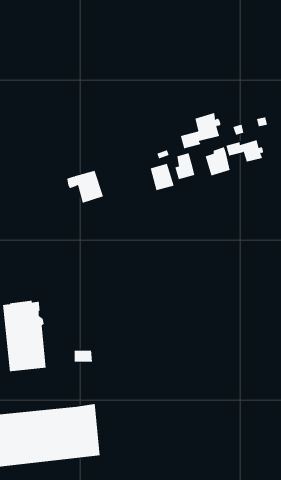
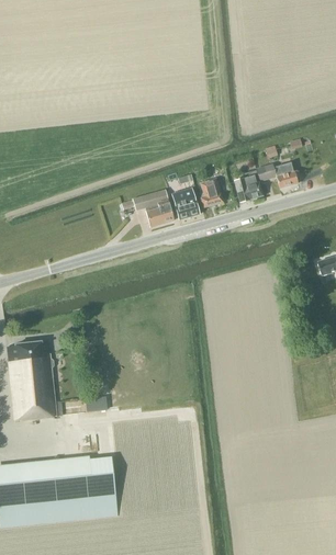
building: [180,112,221,149] -> none
building: [66,170,104,204] -> [131,189,173,226]

